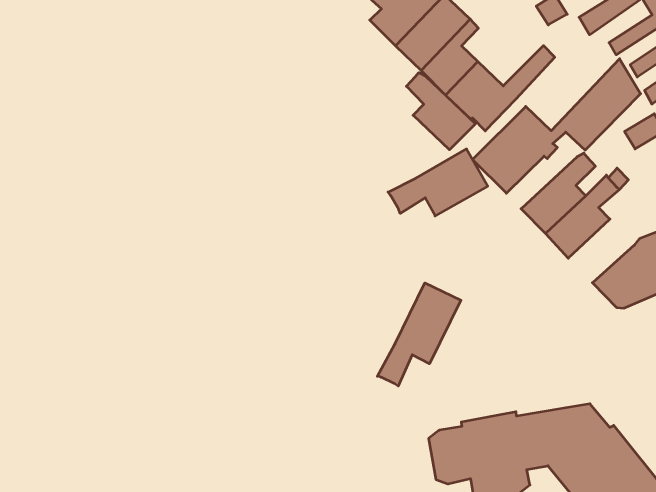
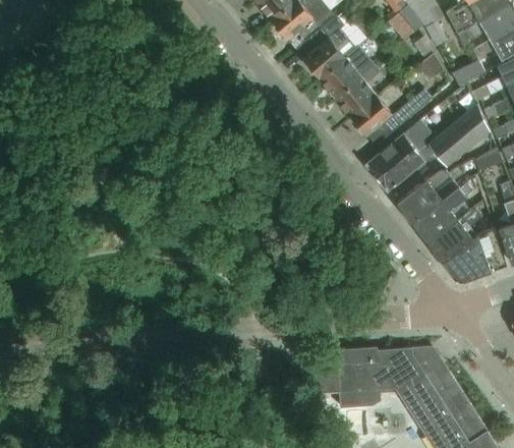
building: [406,73,475,150] -> none
building: [388,149,488,216] -> none
building: none -> [425,206,482,262]
building: [377,283,461,386] -> none

